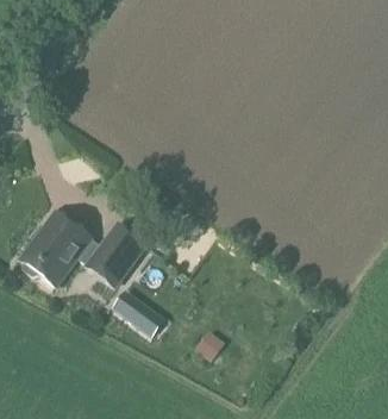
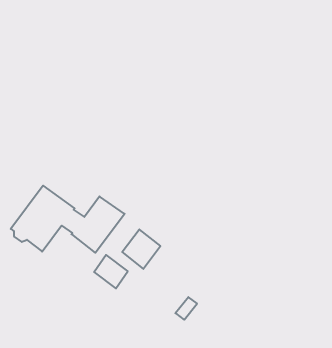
building: none -> [122,229,160,269]

